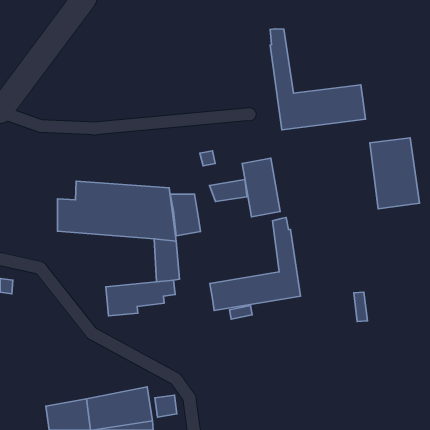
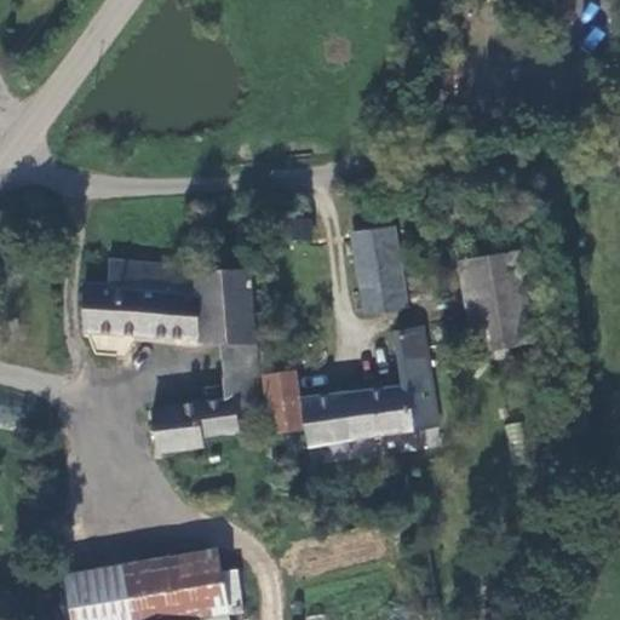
building: [270,29,366,130] -> none
building: [370,138,420,209] -> [459,247,530,349]
building: [209,179,247,202] -> none
building: [170,194,201,236] -> [264,374,308,434]

